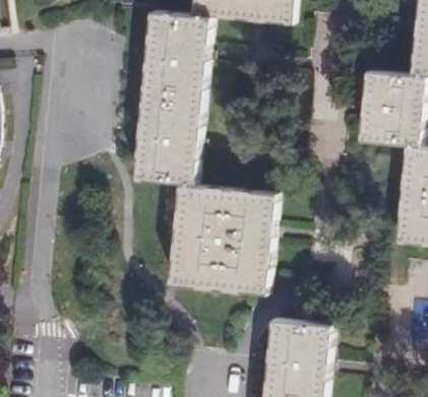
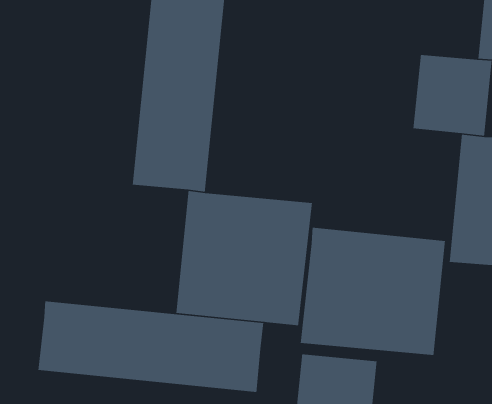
building: none -> [300,227,446,356]
building: none -> [37,300,264,393]

